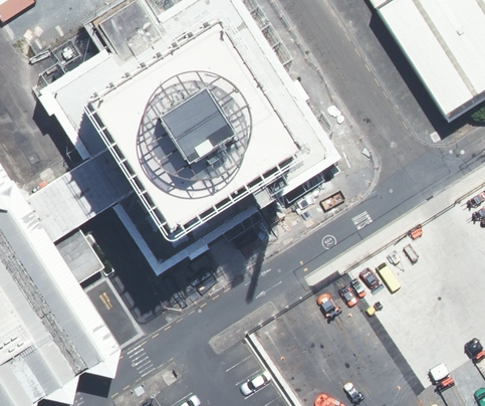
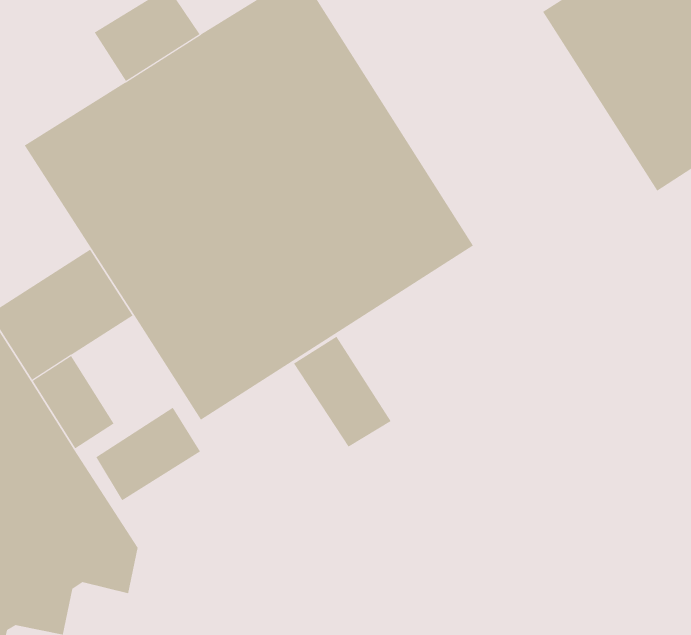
building: none -> [293,336,391,448]
building: none -> [96,407,201,501]

